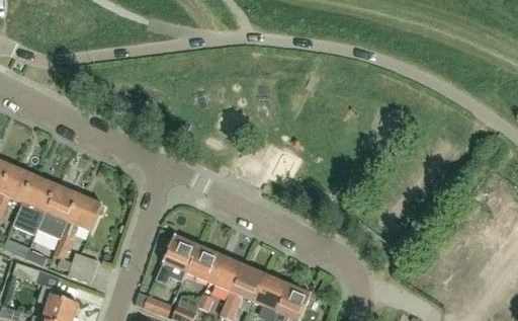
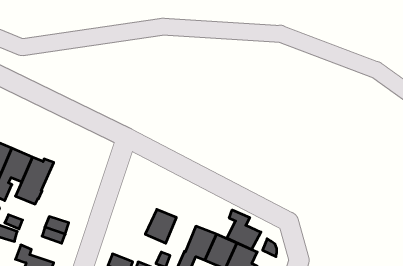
building: [53,191,102,260] -> none
building: [154,236,197,286] -> none
building: none -> [227,210,261,250]
building: [207,254,242,294] -> none

